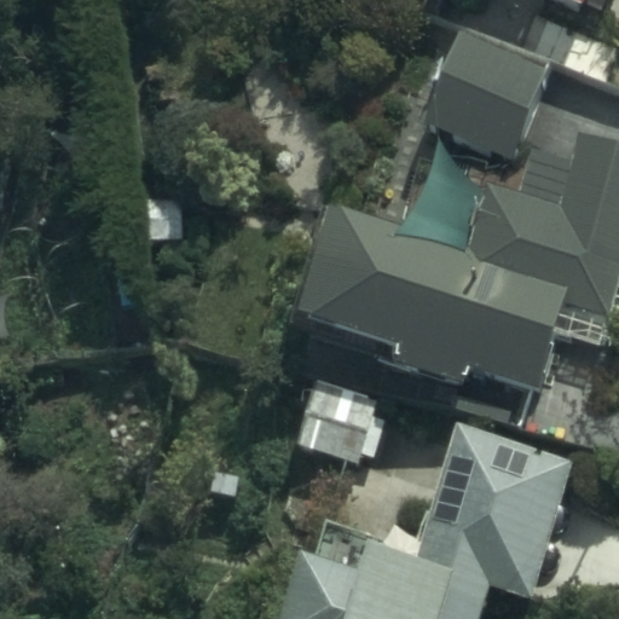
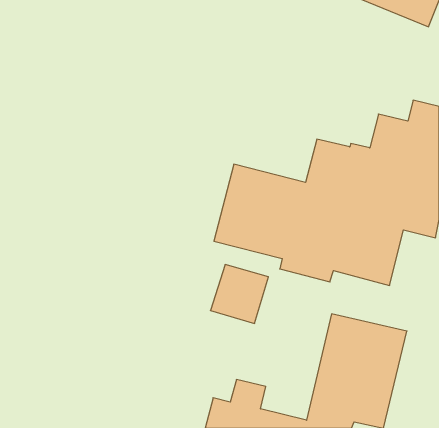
building: [411,28,553,164] -> none

